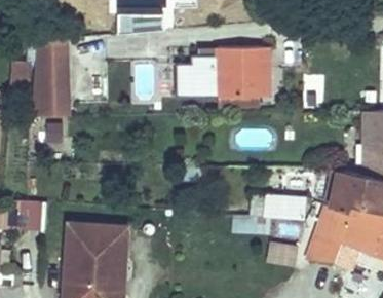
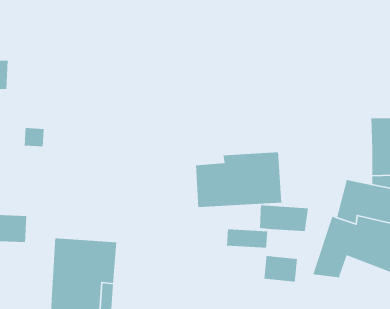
building: [31,38,67,115] -> none
building: [190,47,271,100] -> [195,152,282,208]

